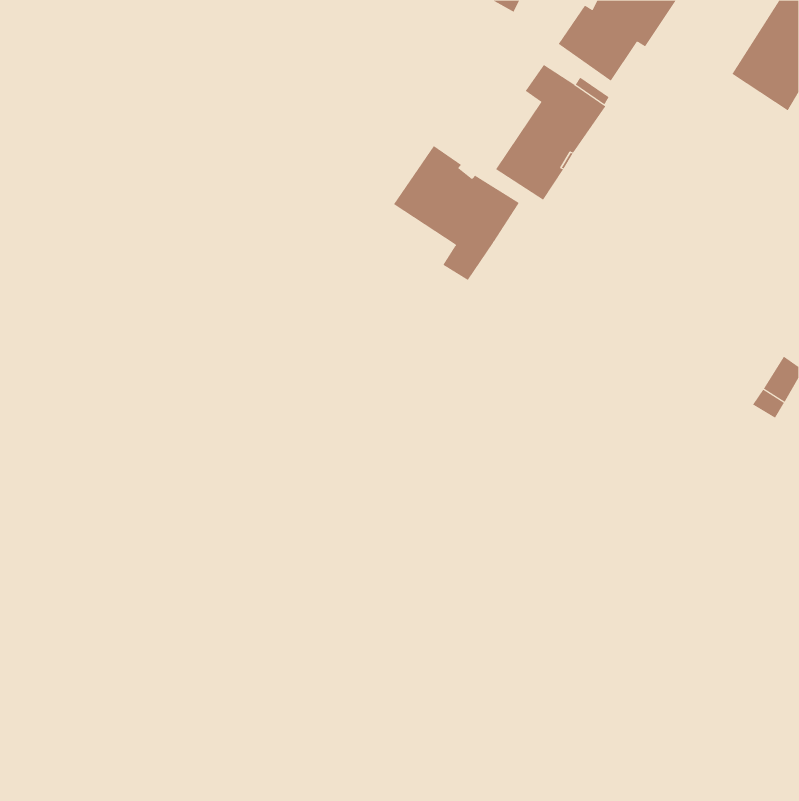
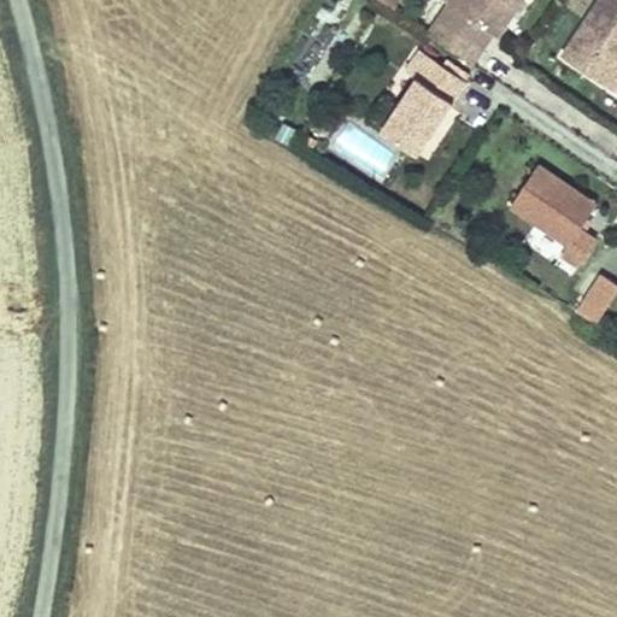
building: [393,145,519,281] -> none
building: none -> [511,165,597,266]

